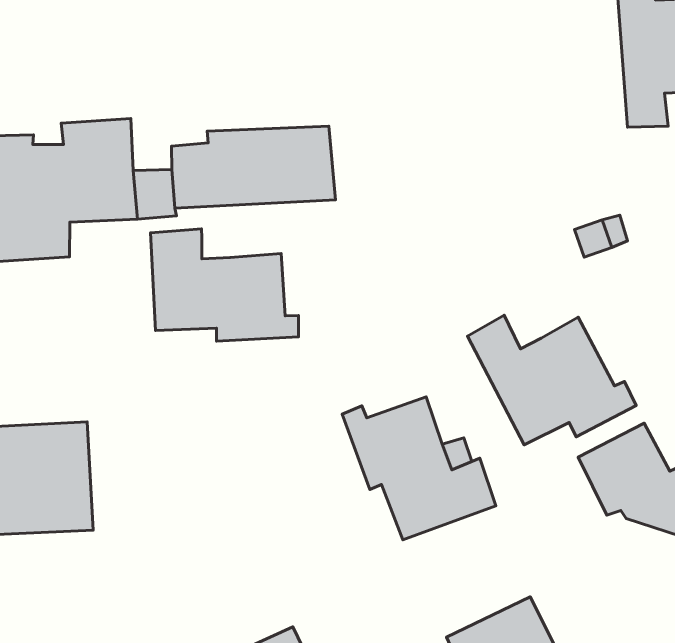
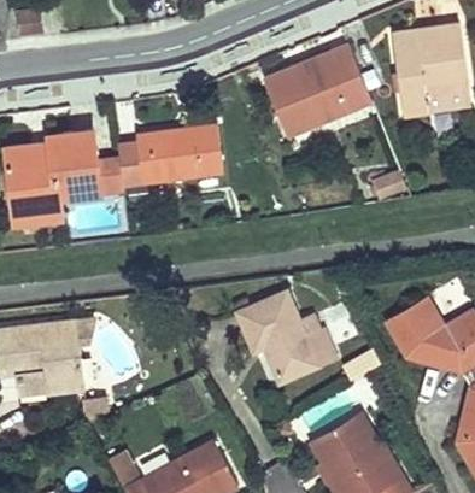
building: none -> [262,43,370,135]
building: [150,229,299,341] -> none
building: [467,315,636,445] -> none

